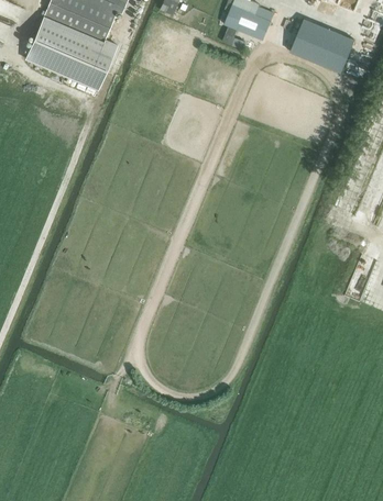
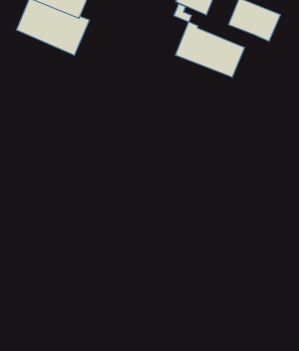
building: none -> [175,22,244,77]

